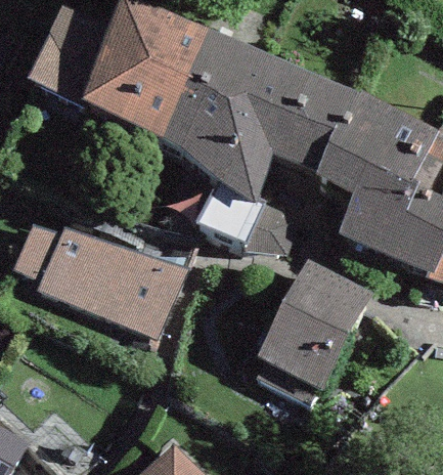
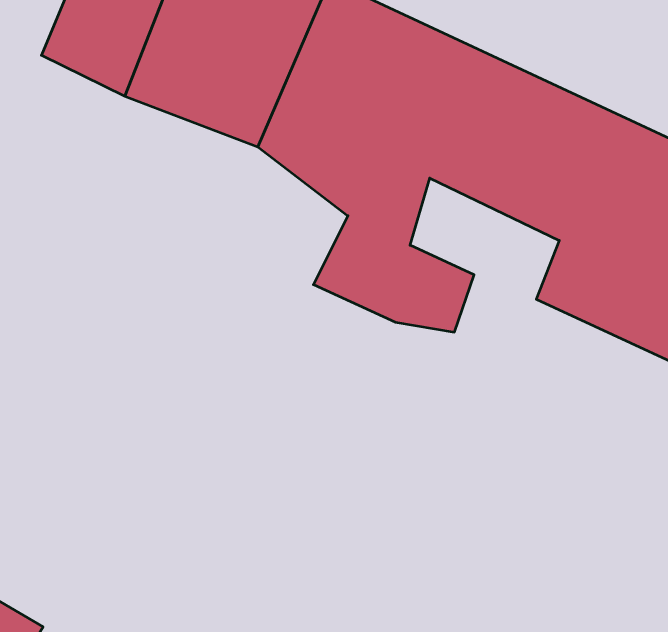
building: [13,218,179,330] -> none
building: [258,257,371,387] -> none

